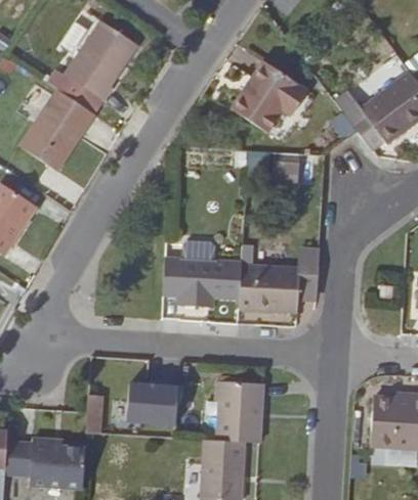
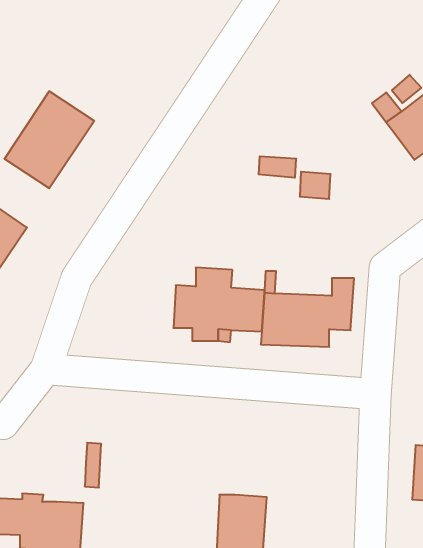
building: [65,19,137,99] -> none
building: [233,60,308,132] -> none
building: [215,379,264,442] -> none
building: [127,381,179,422] -> none

